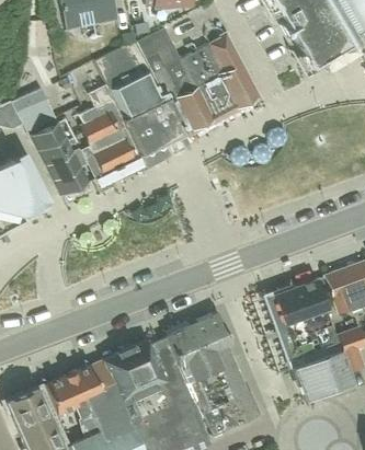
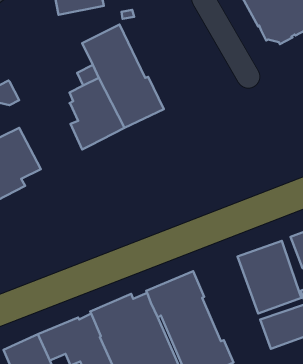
building: [137,27,258,128] -> none
building: [13,88,57,131] -> none
building: [33,118,91,196] -> none

